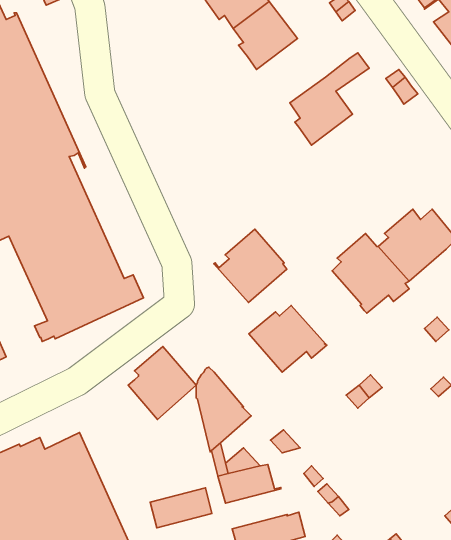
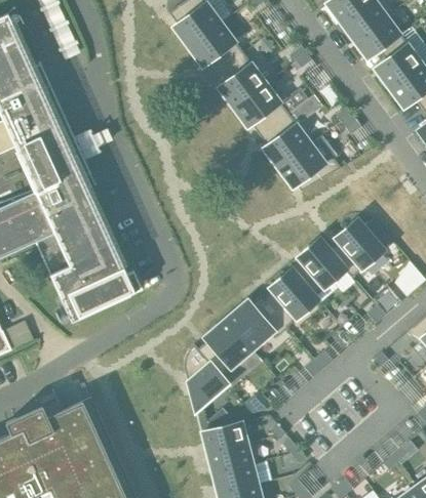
building: none -> [232,83,307,134]
building: none -> [276,136,340,192]
building: [214,229,287,302] -> [260,268,318,327]
building: [128,347,196,420] -> [198,319,253,377]
building: [150,488,212,528] -> [207,443,257,474]

